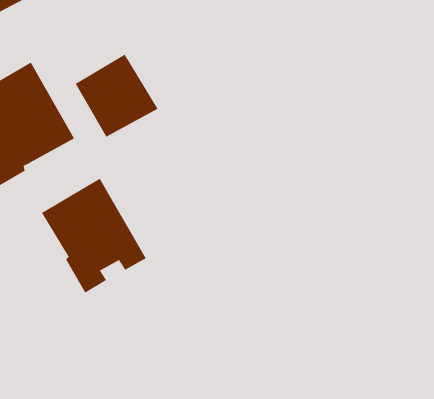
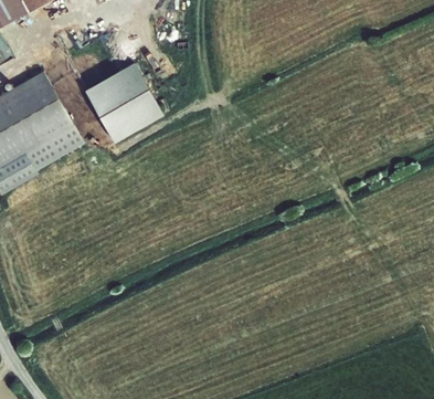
building: [41,178,146,293] -> none

